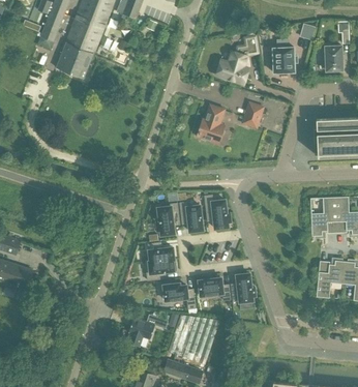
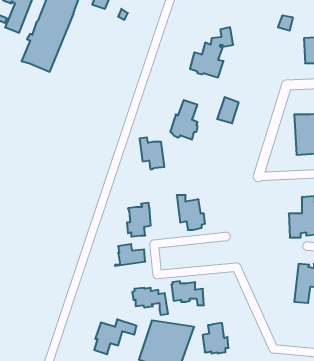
building: [270,47,295,73] -> none
building: [179,202,203,232] -> [139,137,164,169]
building: [145,259,176,280] -> none
building: [231,273,256,302] -> [203,323,229,353]

